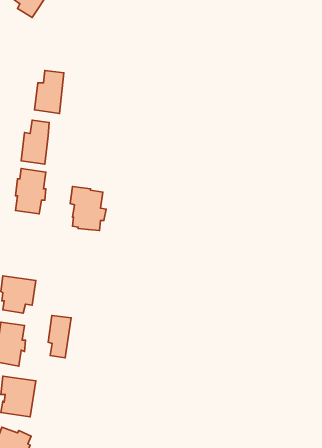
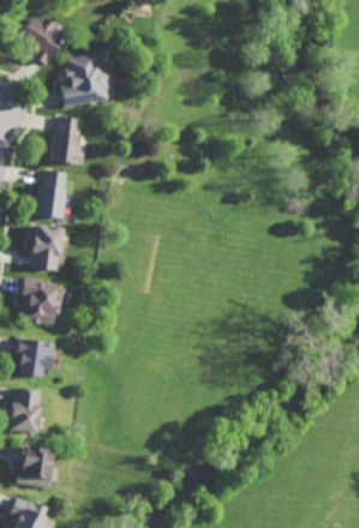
building: none -> [60,52,108,109]
building: [70,187,106,231] -> [19,277,58,324]
building: [48,316,71,358] -> none

